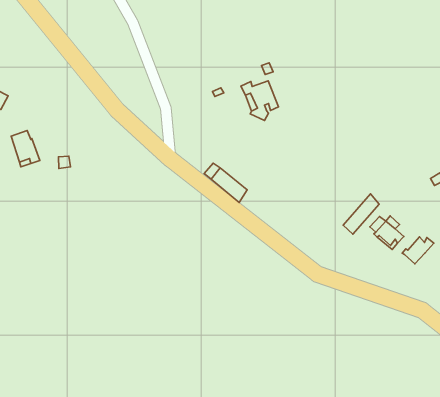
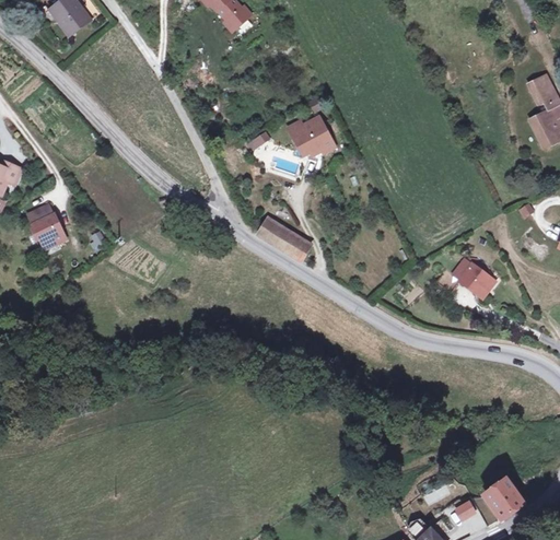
building: [343,194,379,234] -> none
building: [402,237,434,264] -> none

